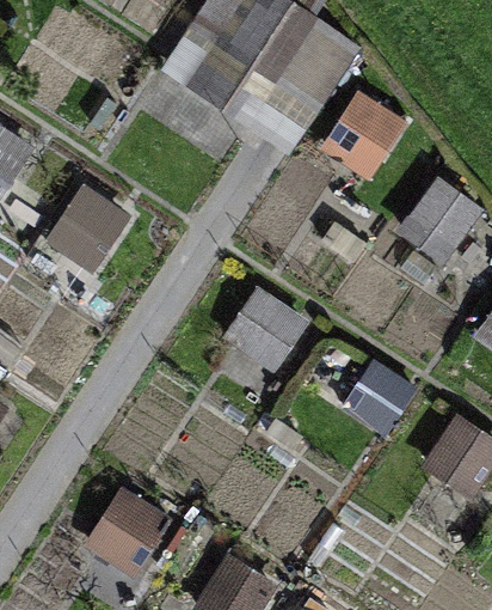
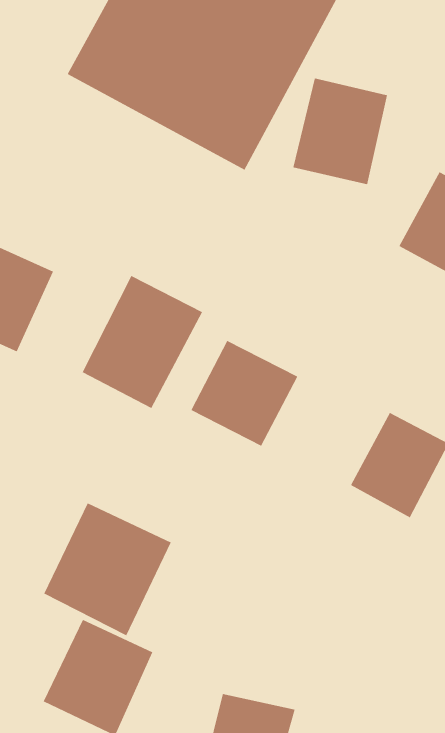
building: none -> [82,275,203,409]
building: none -> [43,502,172,636]

